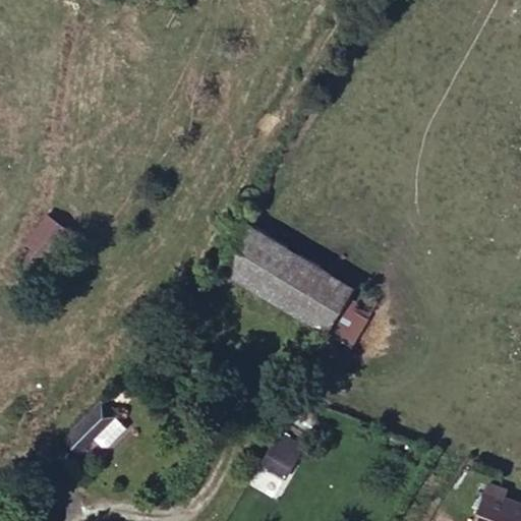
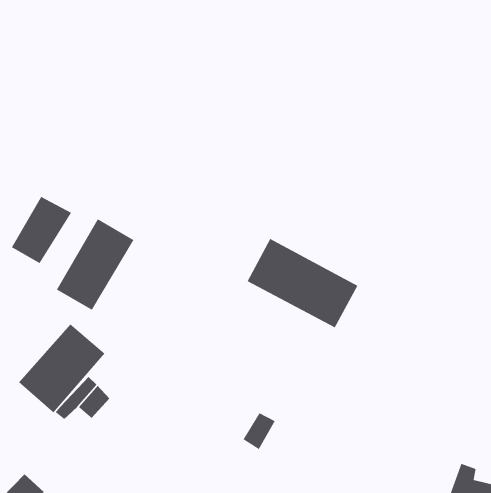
building: [217,229,289,299] -> none
building: none -> [56,218,134,311]
building: none -> [18,323,105,413]

